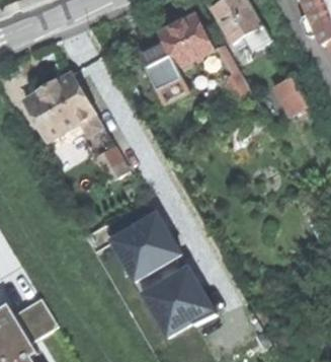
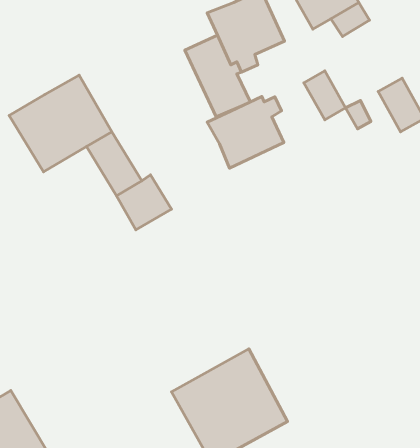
building: none -> [207,97,284,168]
building: [104,209,181,283] -> none

